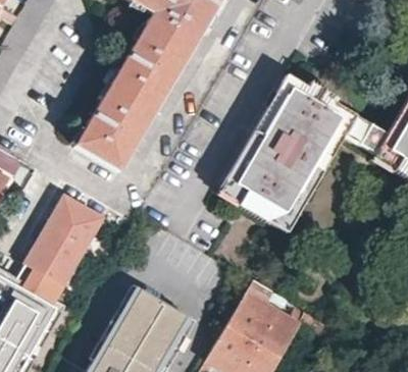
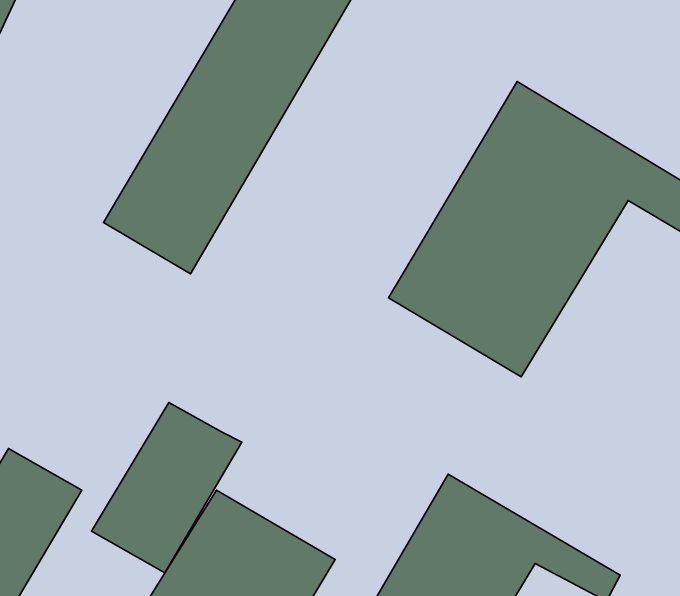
building: [24,198,102,285] -> [91,402,242,573]

